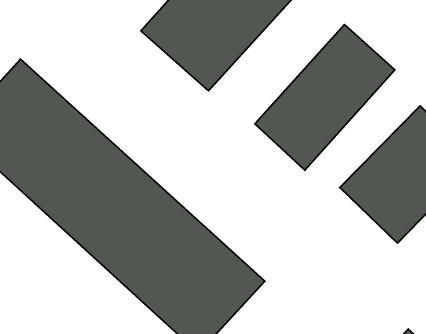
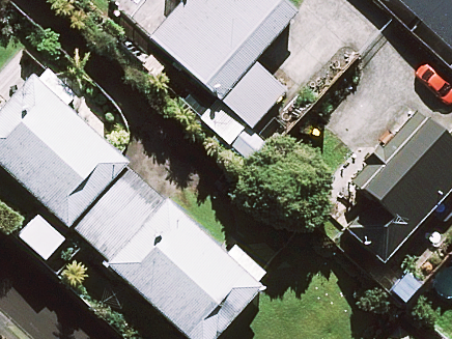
building: [255,25,395,170] -> none

